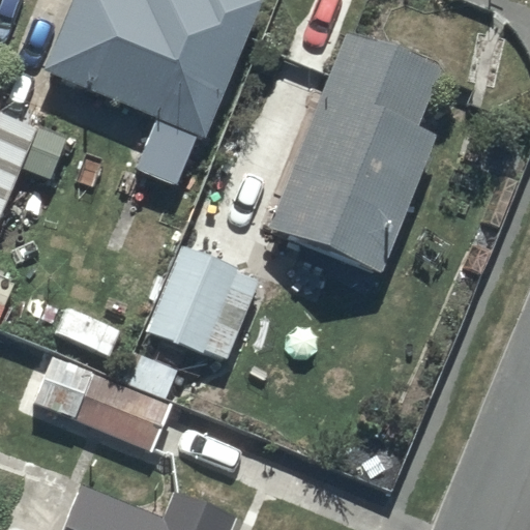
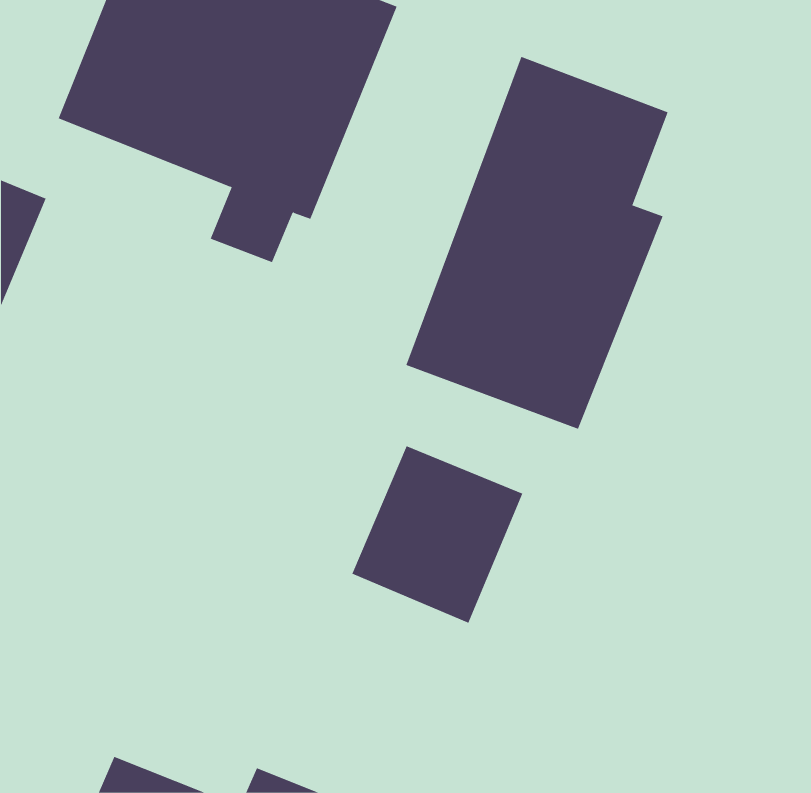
building: [147,247,258,362] -> [352,446,523,623]
building: [32,348,179,448] -> none

